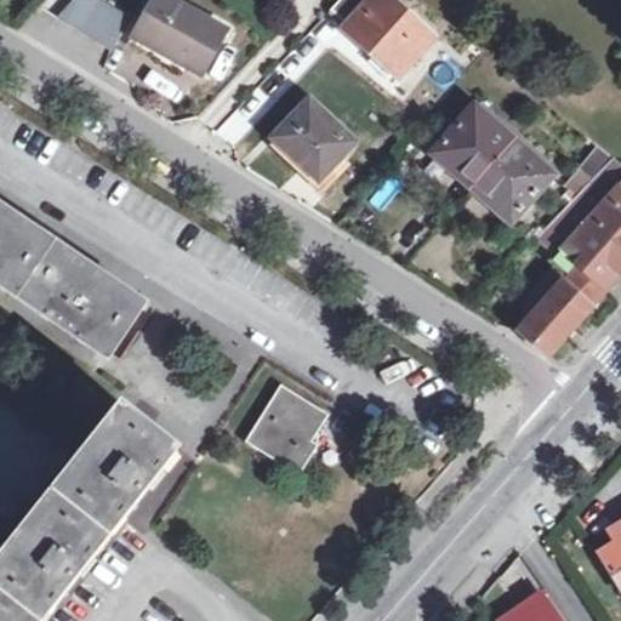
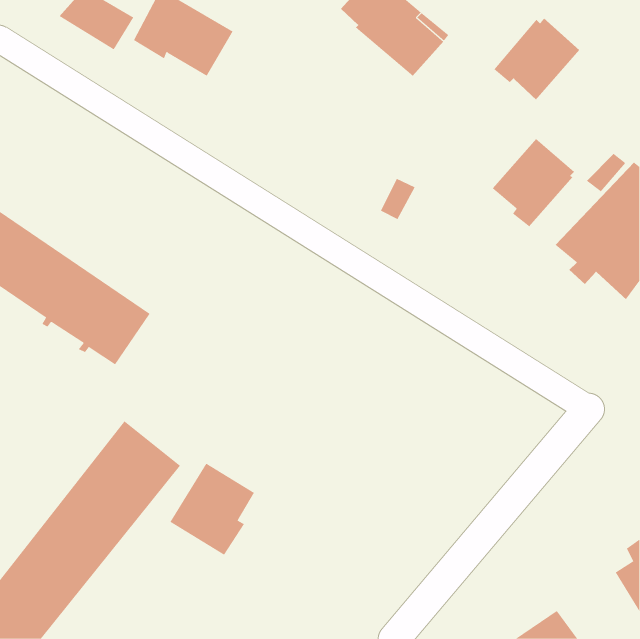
building: [275,93,354,177] -> none
building: [434,102,518,182] -> [494,18,580,100]
building: [520,263,605,354] -> none
building: [245,383,327,473] -> [169,463,255,556]

